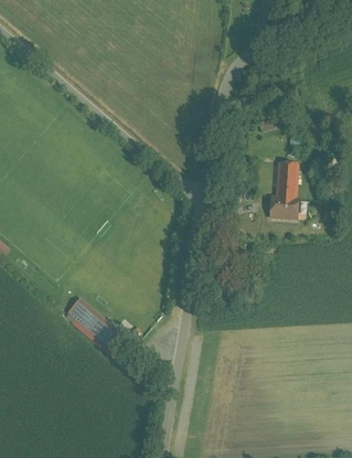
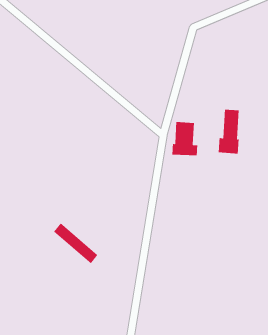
building: none -> [172,121,198,156]

